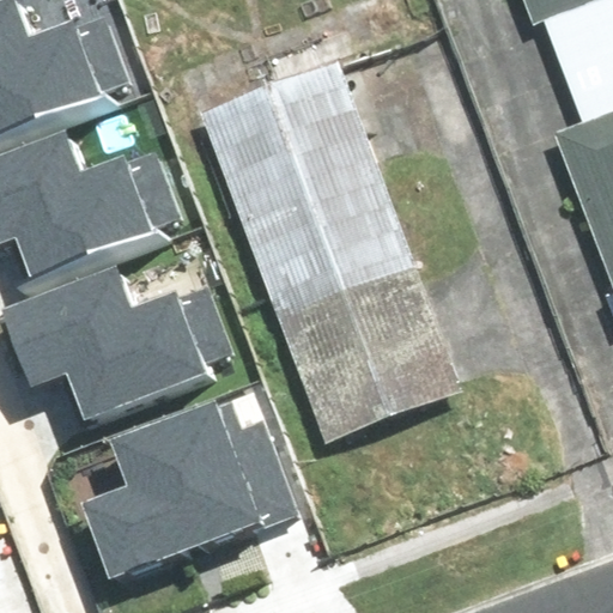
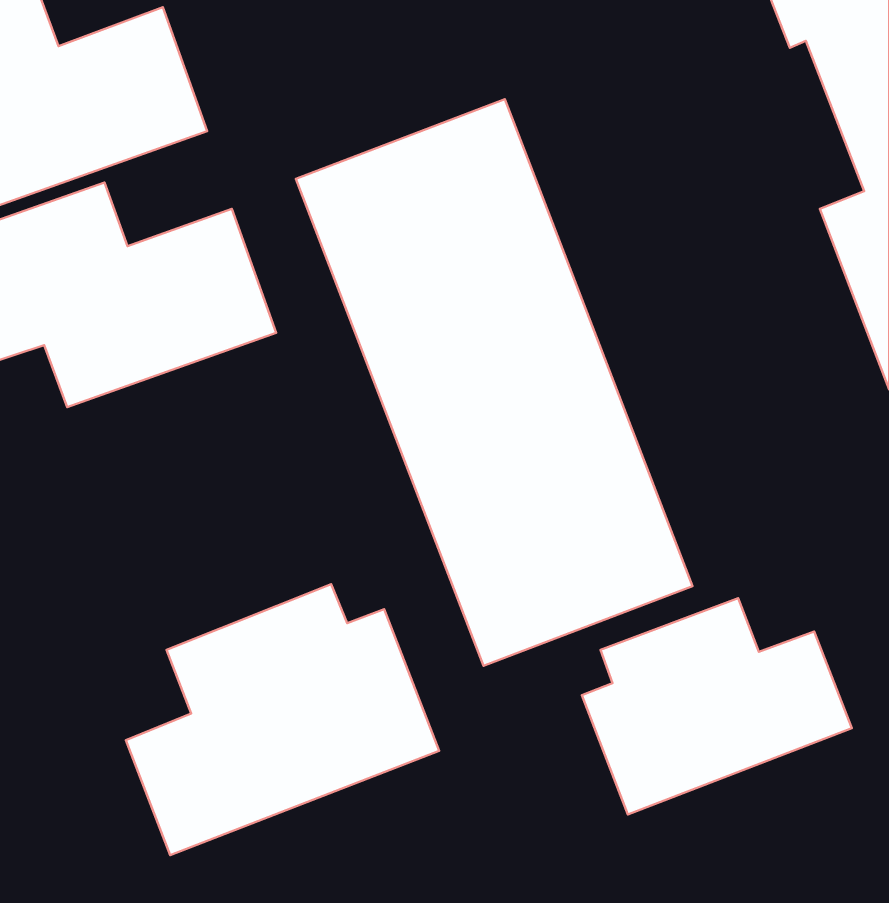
building: [6,255,232,408] -> none
building: none -> [582,598,852,815]

